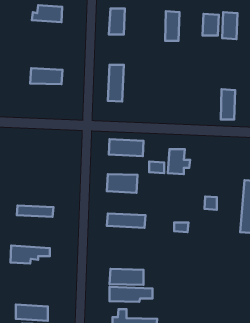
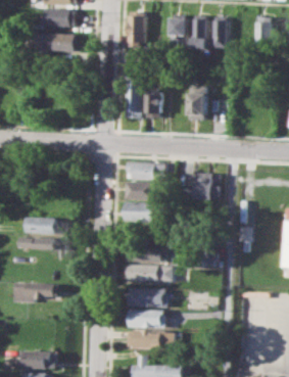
building: none -> [168,14,186,48]
building: none -> [212,16,228,48]
building: [30,68,62,84] -> [36,33,73,51]
building: none -> [146,91,161,117]
building: [221,89,235,120] -> [189,85,205,120]
building: none -> [126,182,156,199]
building: none -> [27,218,60,235]
building: none -> [124,265,175,281]
building: none -> [130,288,168,307]

